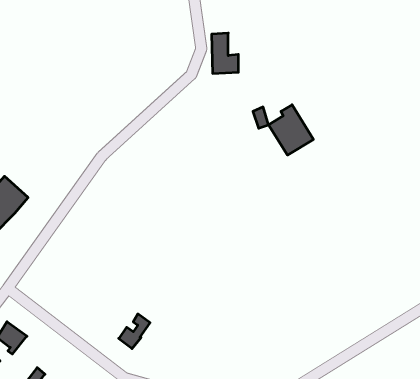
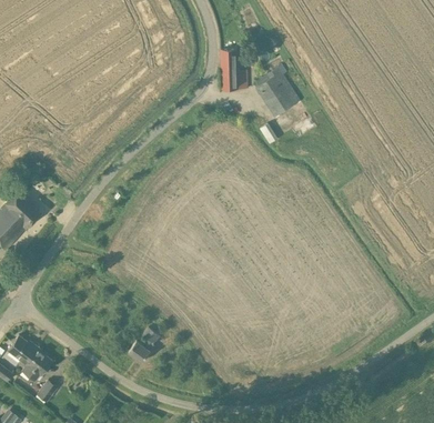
building: [269,105,313,155] -> [256,66,301,115]
building: none -> [22,349,53,380]

